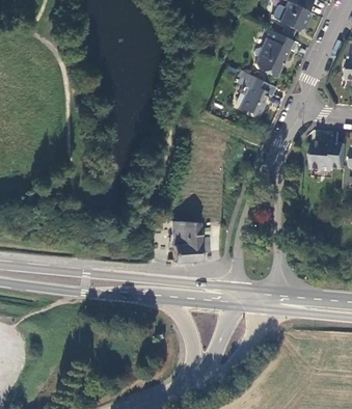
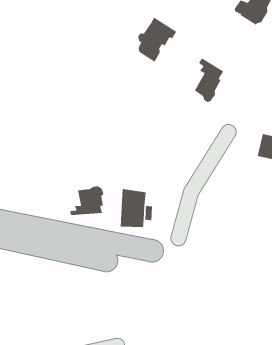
building: [253,28,296,77] -> [137,17,177,62]
building: none -> [69,186,104,216]

